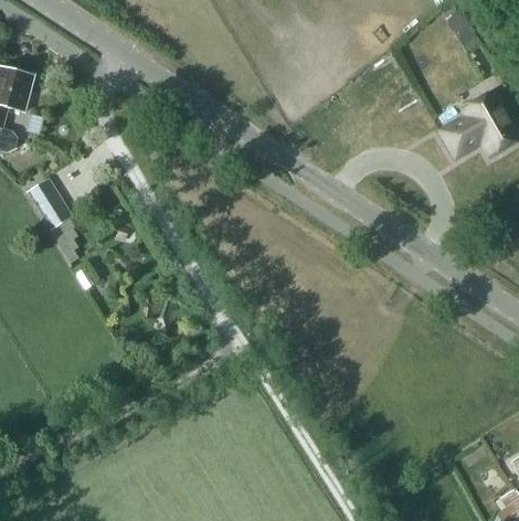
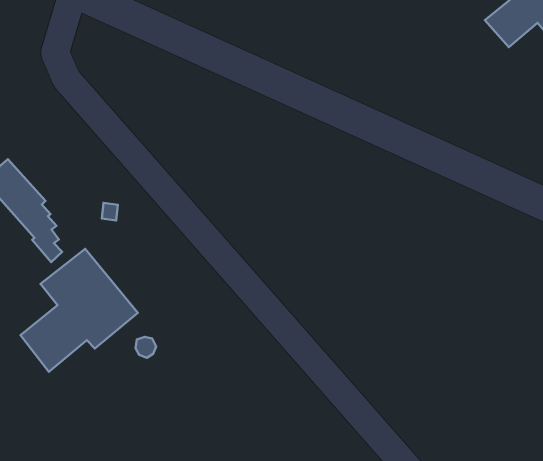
building: none -> [20,249,138,372]

